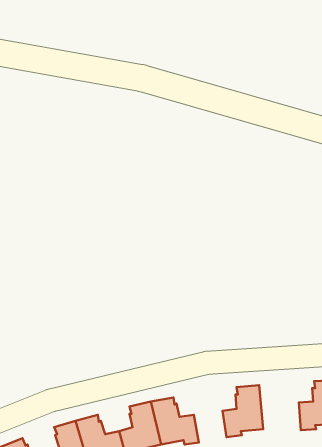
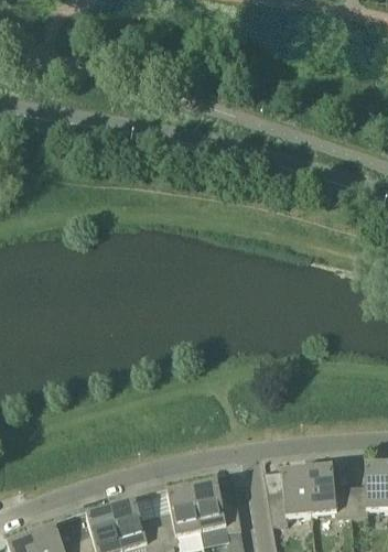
building: none -> [309,464,354,516]

